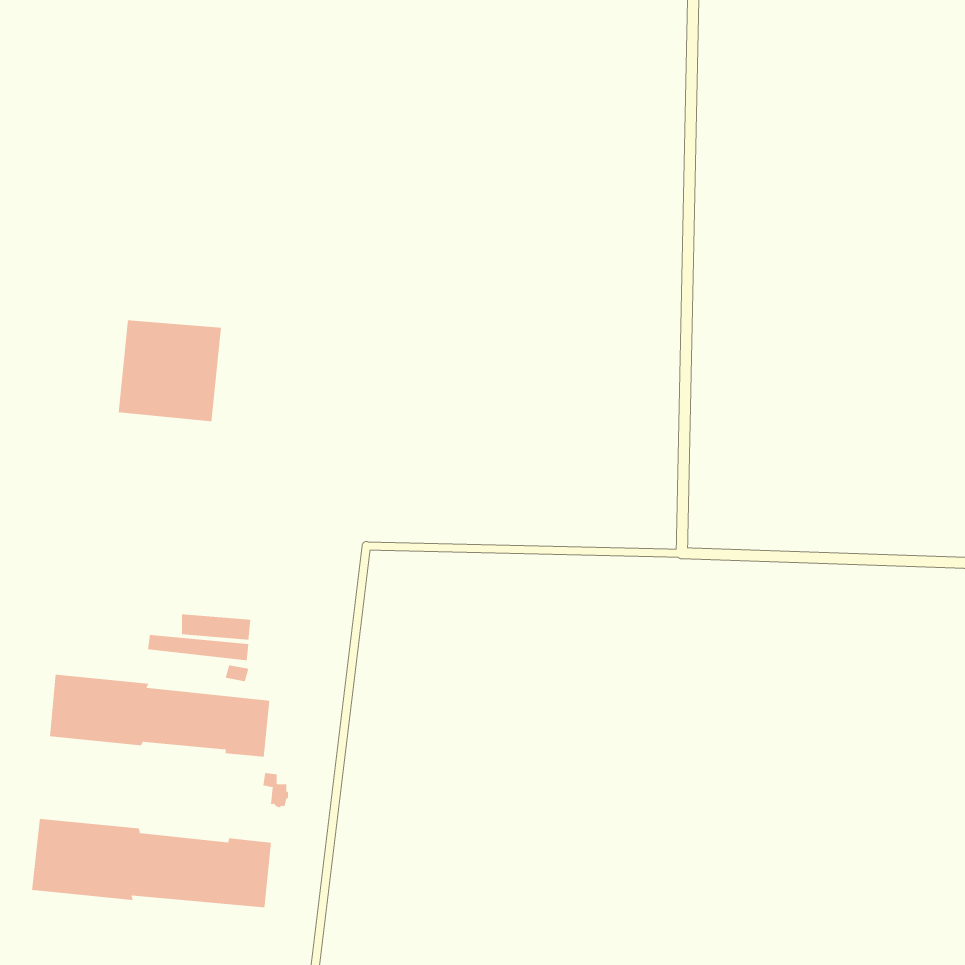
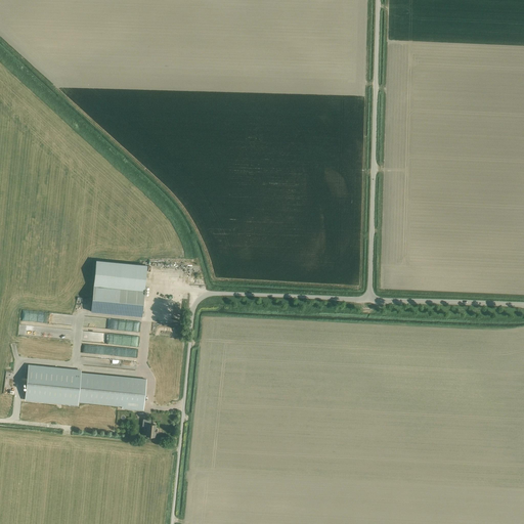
building: [118,320,222,422] -> [91,261,147,316]
building: [32,818,271,908] -> none

